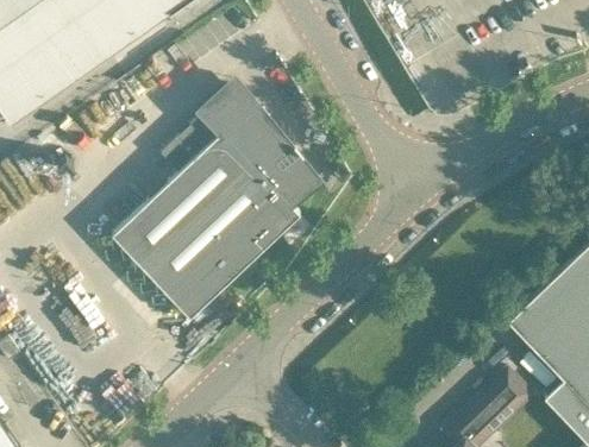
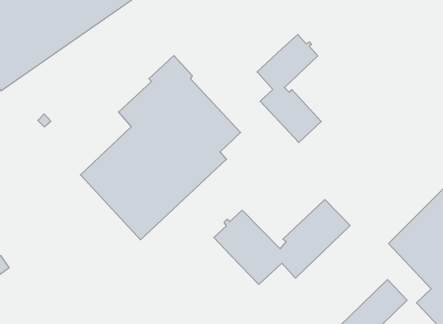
building: none -> [257,34,321,143]
building: none -> [214,200,350,284]

